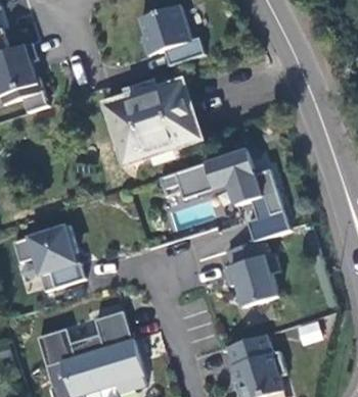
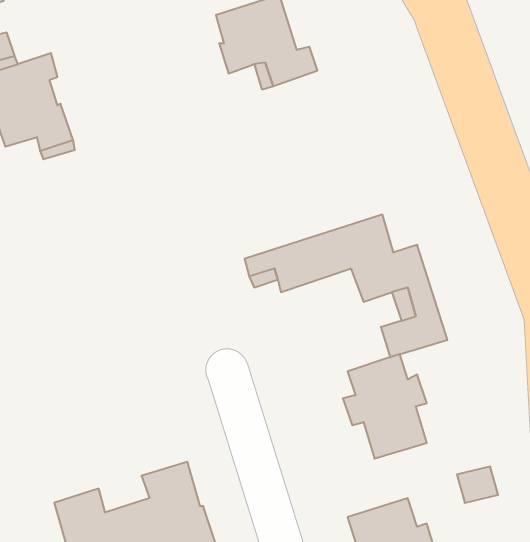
building: [104,80,204,170] -> none
building: [11,222,84,290] -> none

